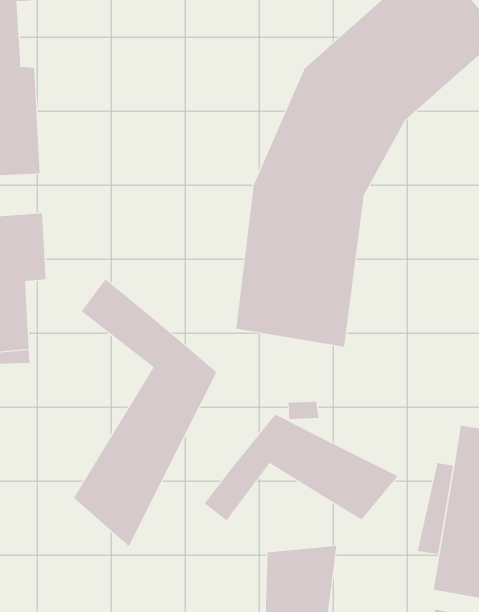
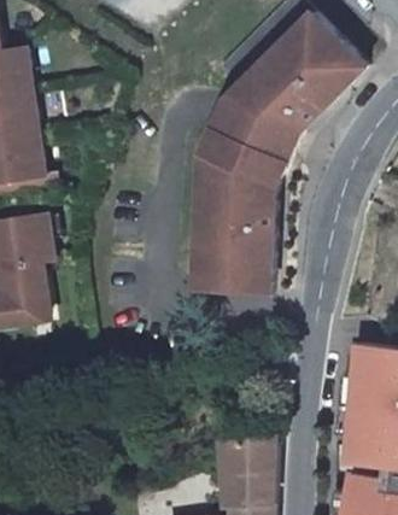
building: [73,279,217,547] -> none
building: [204,414,399,521] -> none

